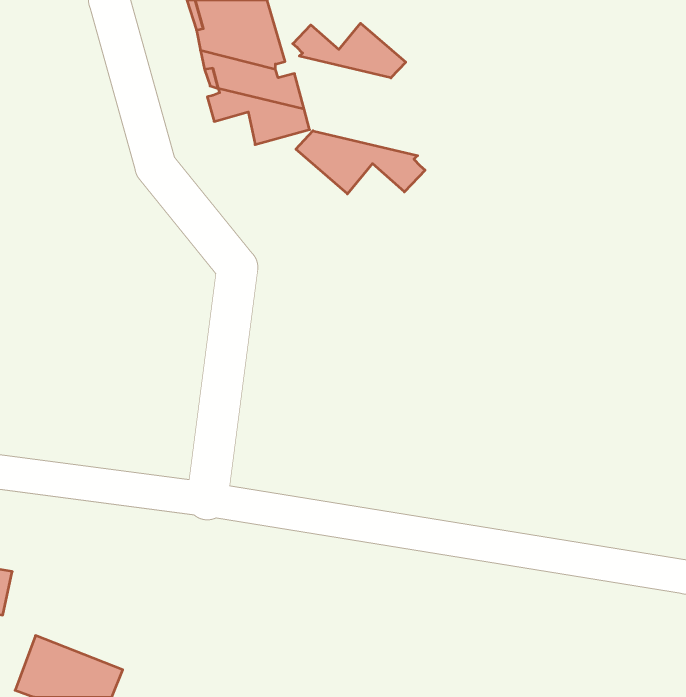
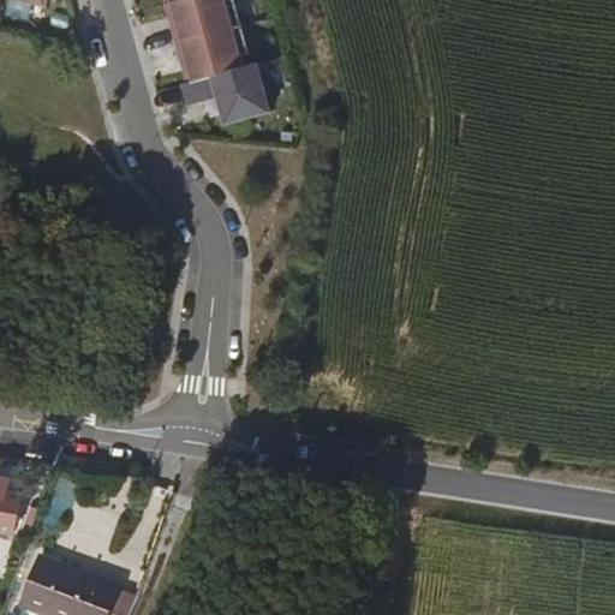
building: [293,23,406,78] -> none
building: [296,131,425,194] -> none

